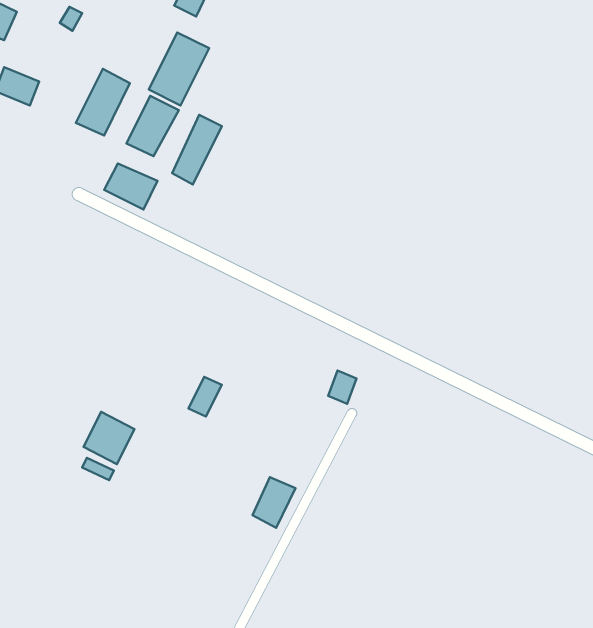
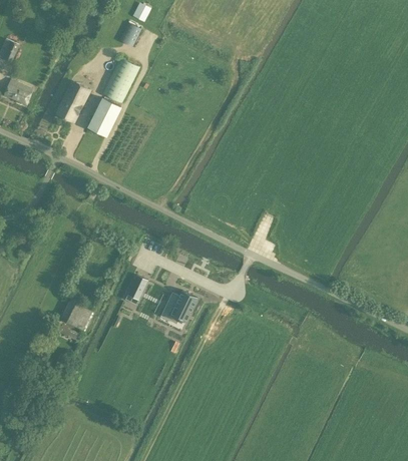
building: [172,115,222,185] -> none
building: [104,163,158,209] -> none
building: [253,477,295,528] -> [169,289,196,321]

